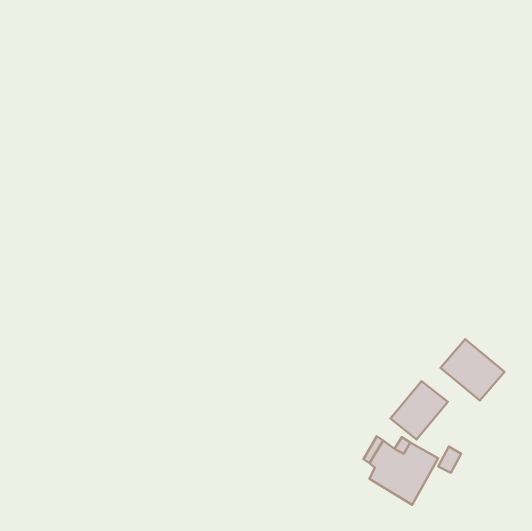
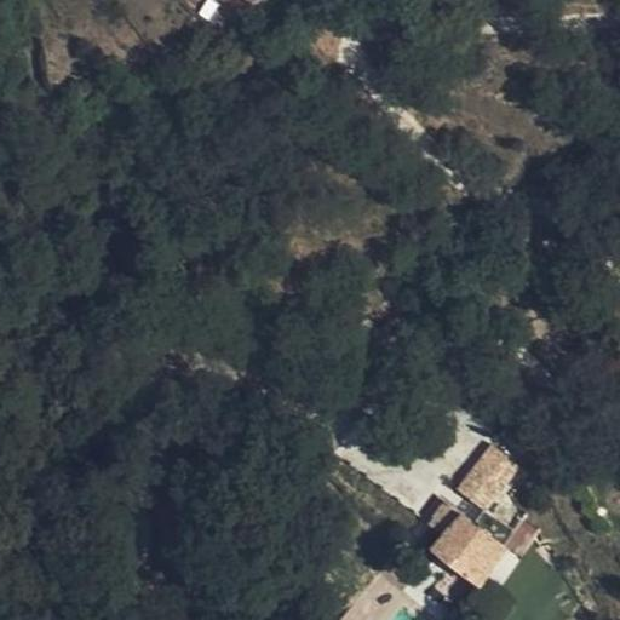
building: [441,339,504,400] -> none

